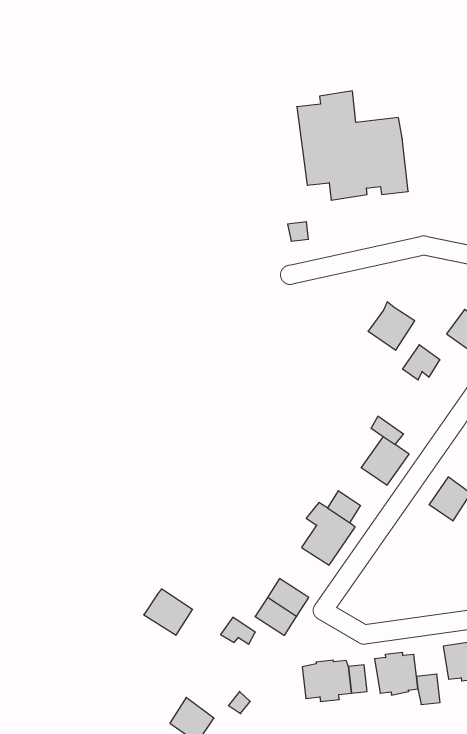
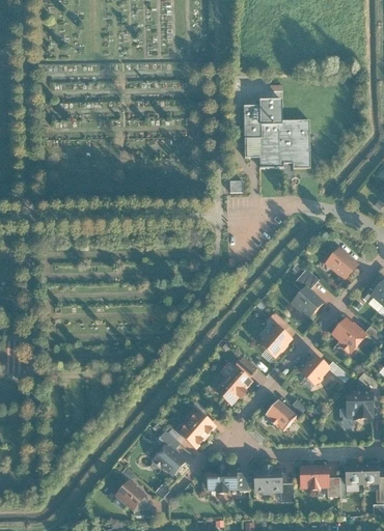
building: [368,302,415,350] -> [291,286,322,318]
building: none -> [265,399,296,429]
building: [144,589,193,635] -> [153,446,185,477]

